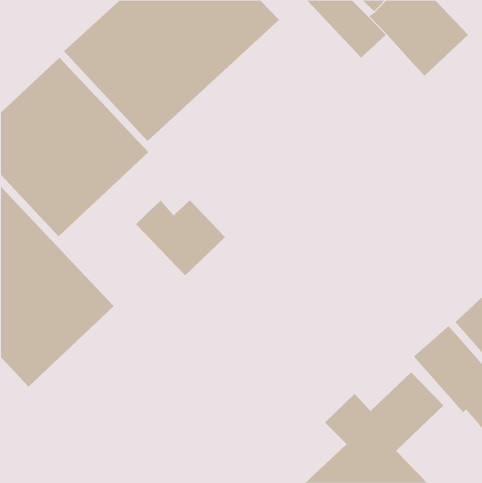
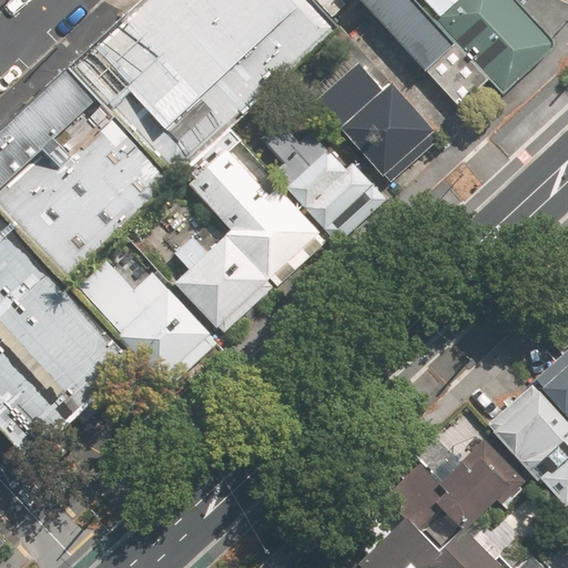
building: none -> [425,41,487,103]
building: none -> [314,62,437,179]
building: none -> [258,119,385,240]
building: none -> [189,149,318,278]
building: none -> [79,260,210,376]

